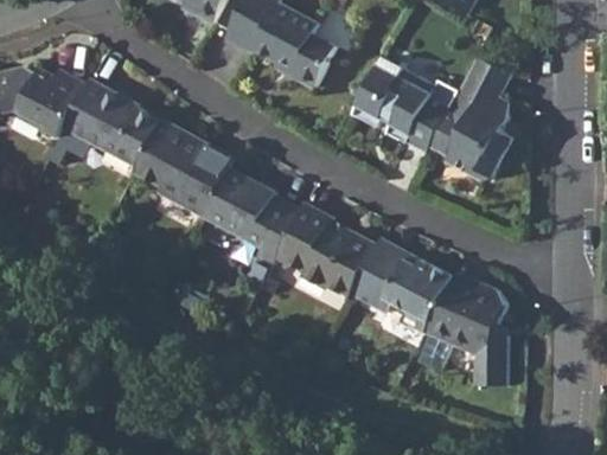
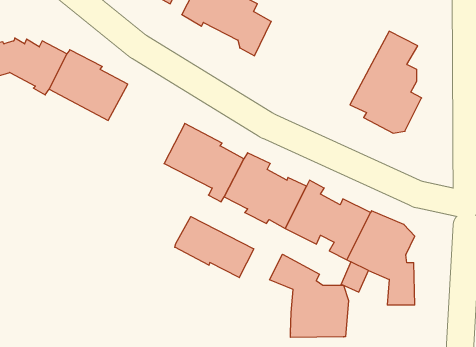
building: [351,58,458,152] -> none
building: [133,120,235,217] -> none
building: none -> [175,217,254,278]
building: none -> [270,254,349,337]

